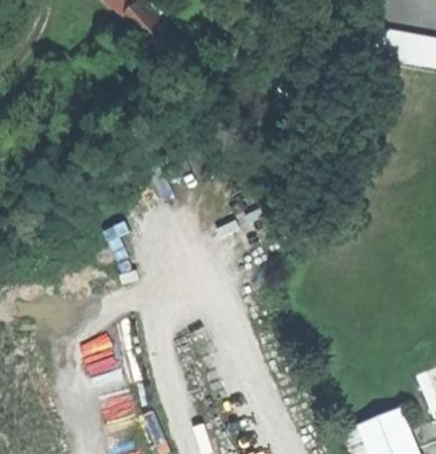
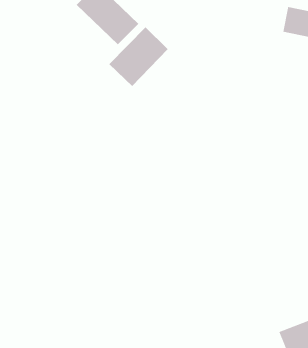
building: none -> [108,26,169,87]

